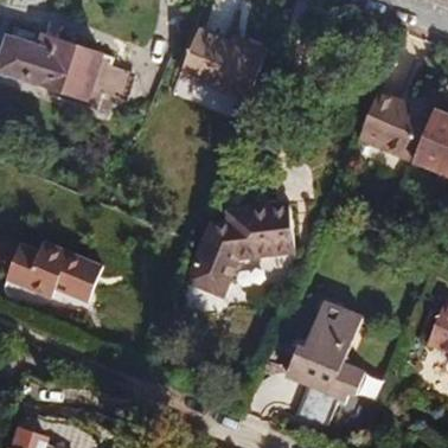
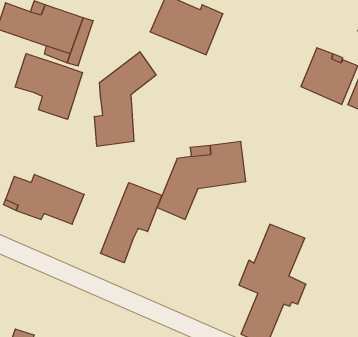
building: none -> [94,52,156,146]
building: none -> [15,54,83,119]
building: none -> [100,183,162,263]

